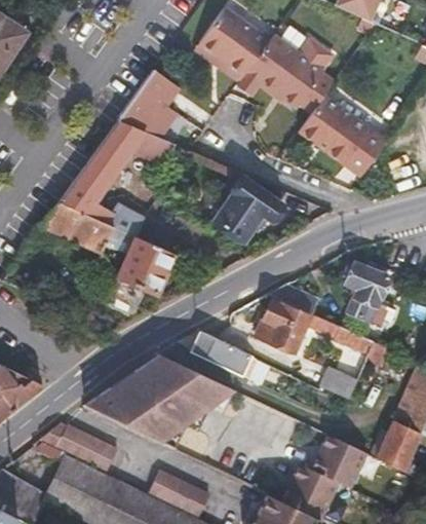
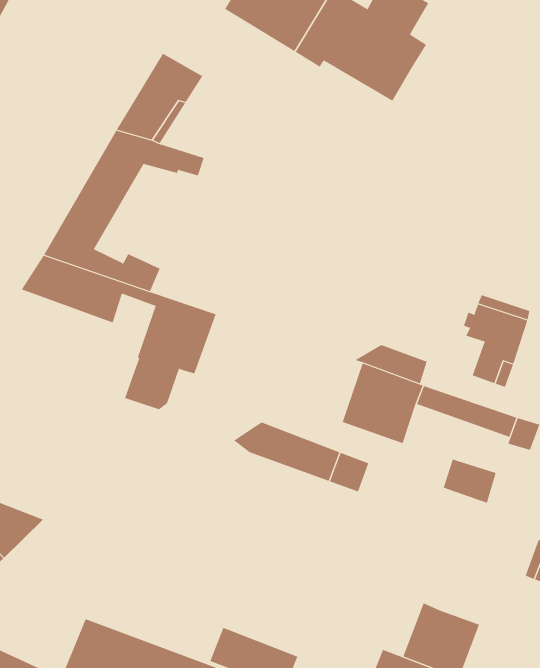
building: [299,97,386,177] -> none
building: [214,178,282,240] -> none
building: [84,352,234,445] -> none
building: [40,424,118,473] -> none
building: [311,437,366,490] -> none

